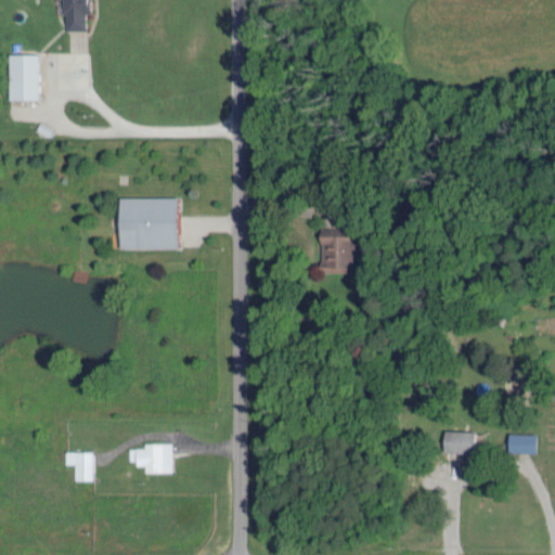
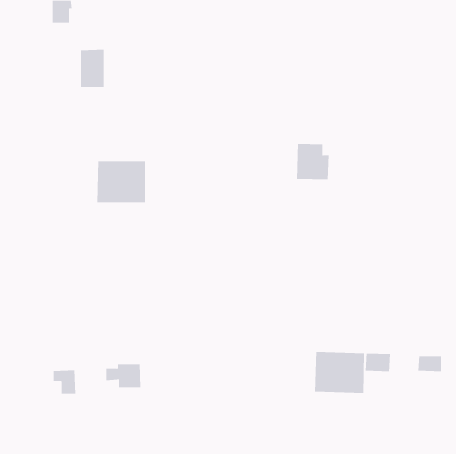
building: [9,54,38,101] -> [80,49,104,88]
building: [320,228,360,272] -> [296,143,329,180]
building: none -> [314,351,365,394]

